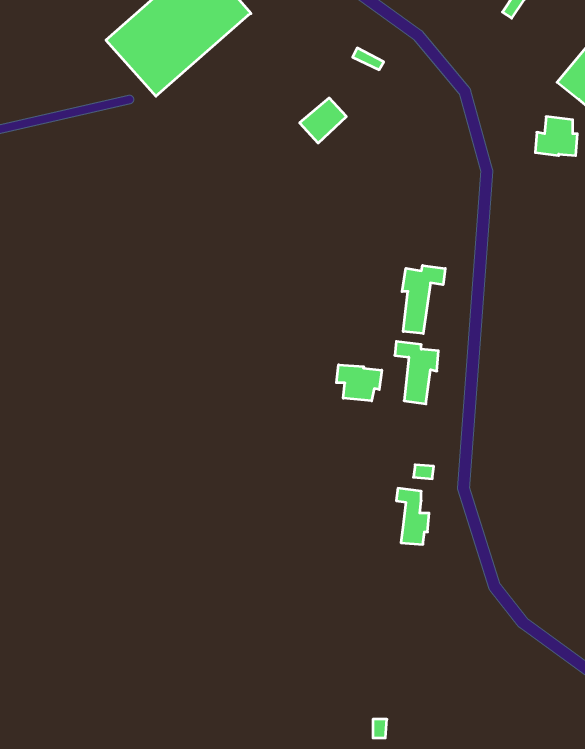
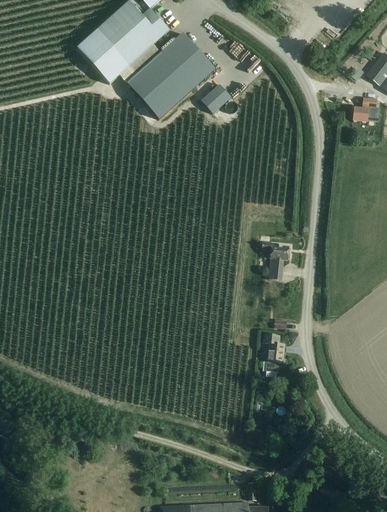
building: none -> [127,32,215,119]
building: [402,265,445,334] -> none
building: [336,365,382,401] -> none

